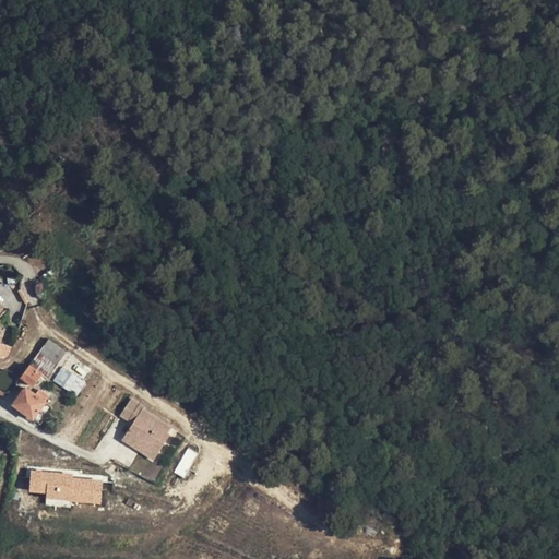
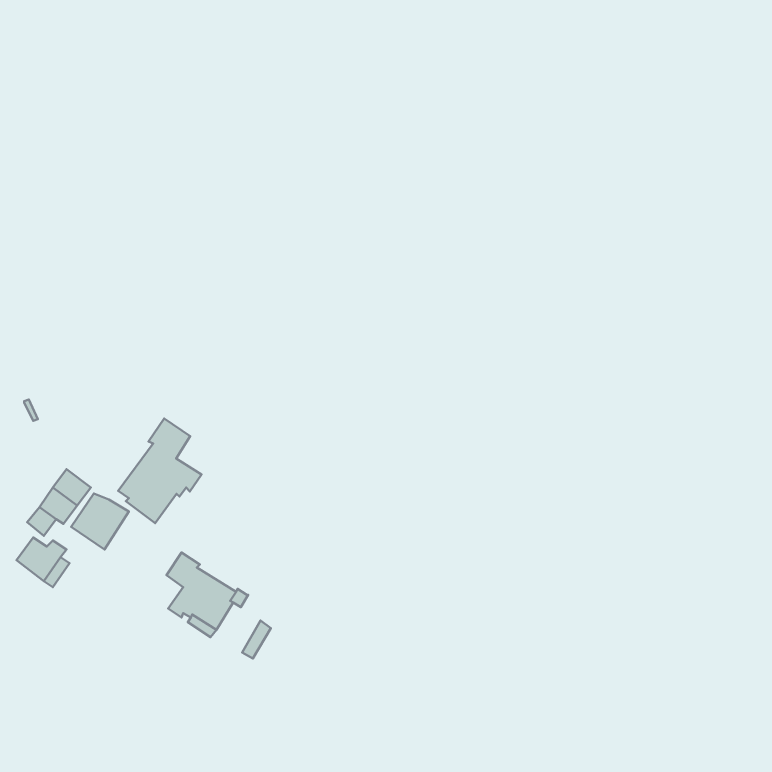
building: none -> [118,419,201,523]
building: [26,469,97,502] -> none

